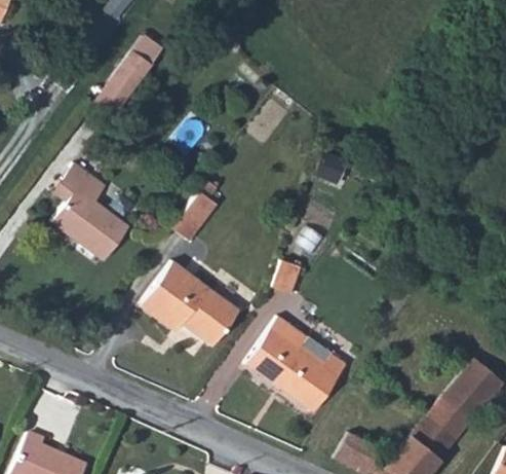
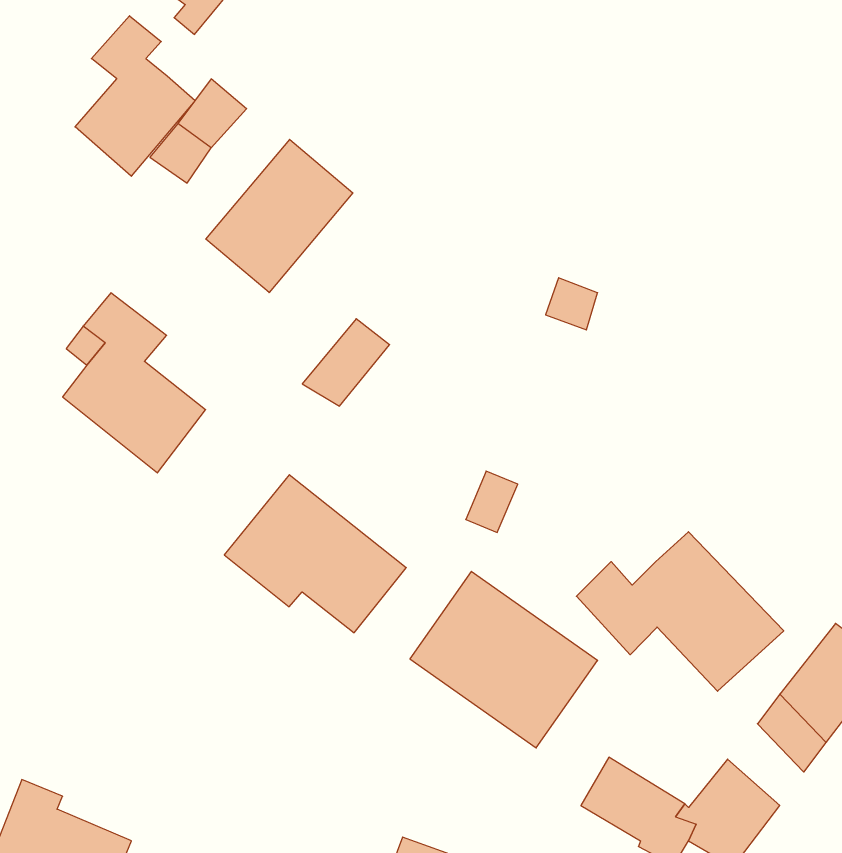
building: none -> [75,16,195,176]
building: none -> [206,139,353,293]
building: none -> [576,532,784,691]
building: [420,402,462,447] -> none

